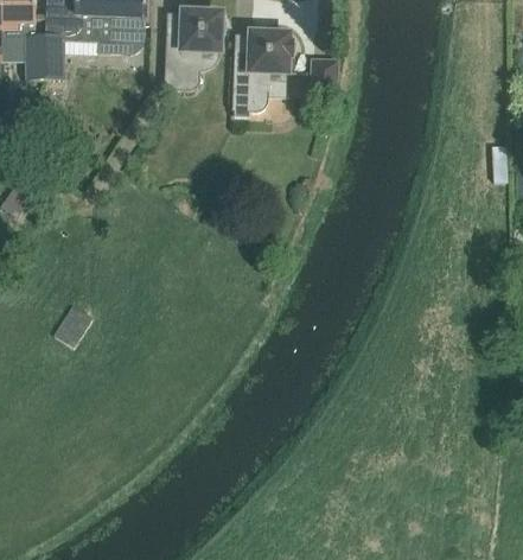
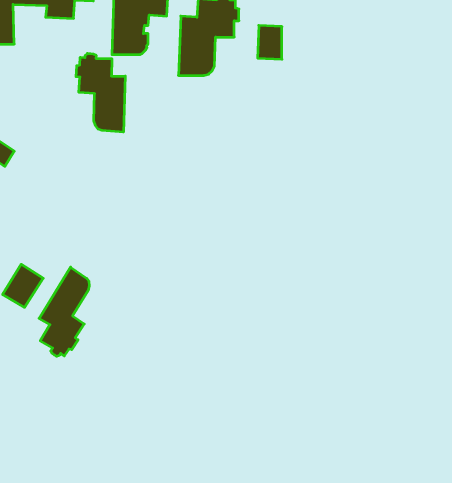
building: none -> [76,53,125,132]
building: none -> [39,267,89,356]

